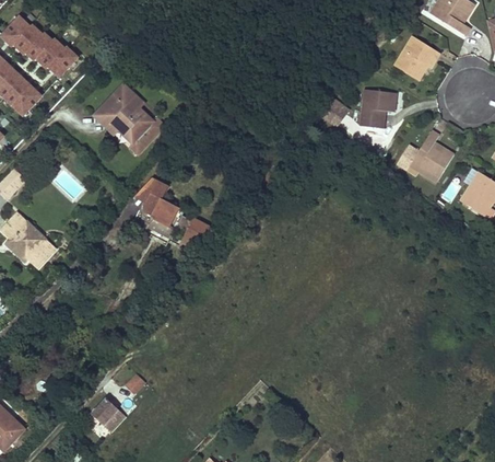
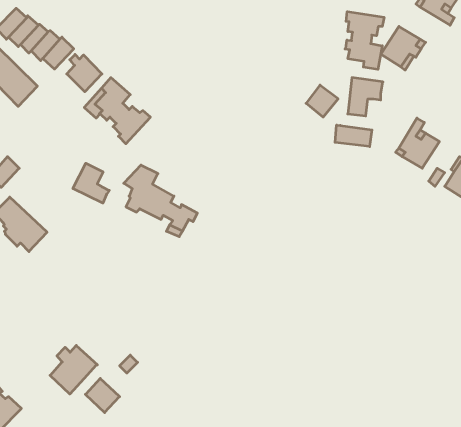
building: none -> [345,12,384,69]
building: none -> [67,54,102,92]
building: none -> [335,125,372,147]
building: none -> [73,163,109,203]
building: none -> [50,345,97,394]

